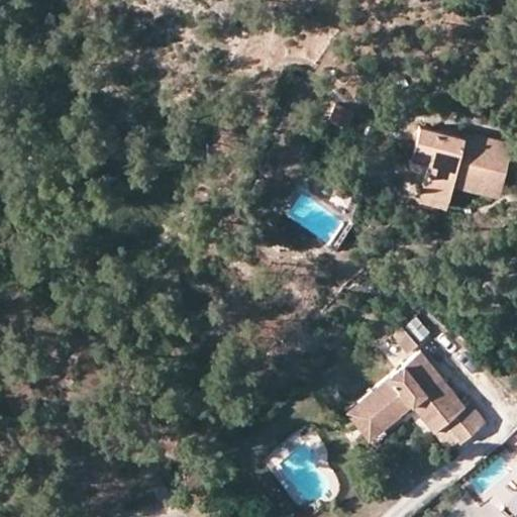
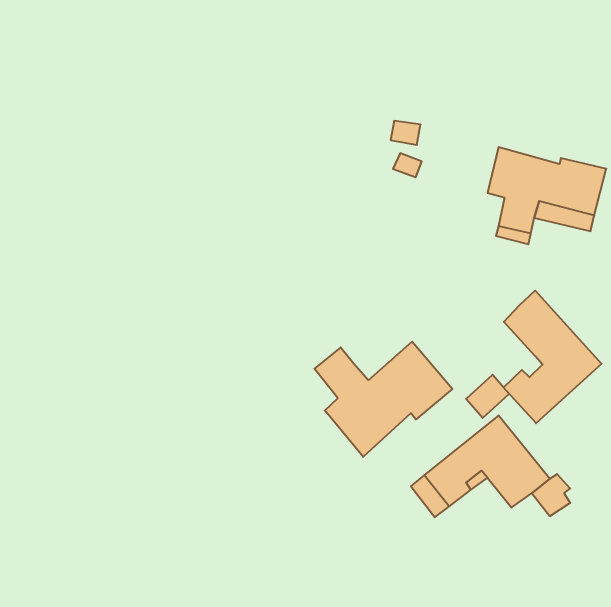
building: none -> [504,291,602,423]
building: none -> [314,342,452,457]

